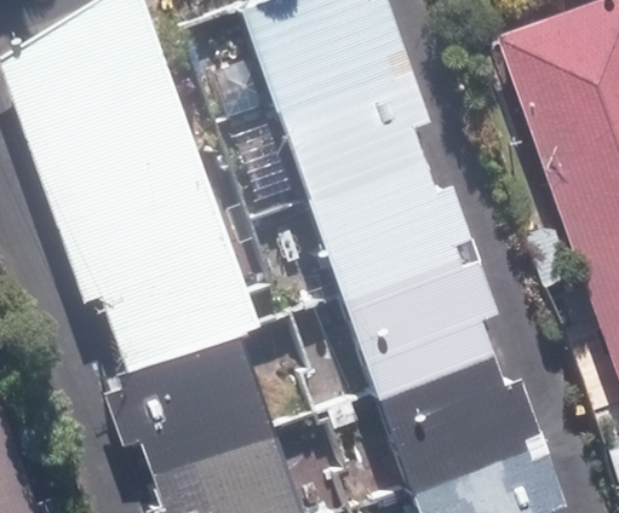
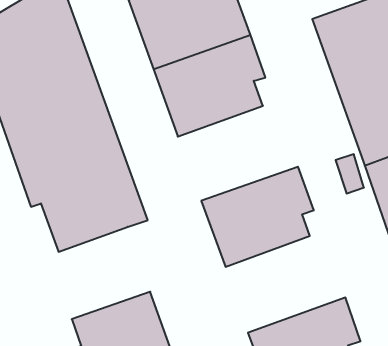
building: [303,161,477,299] -> none
building: [116,336,263,471] -> none
building: [372,350,546,490] -> none

